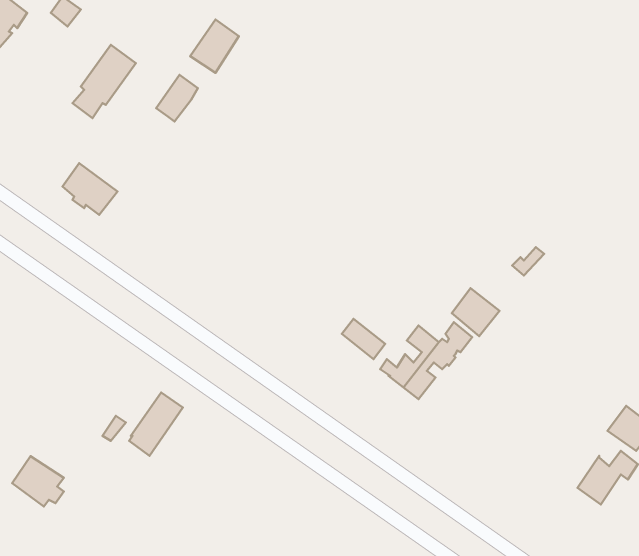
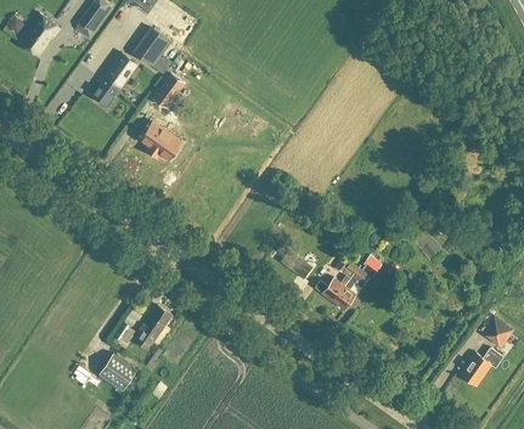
building: [190,19,239,73] -> [135,27,170,66]
building: [62,163,118,215] -> [137,120,178,158]
building: [452,288,500,336] -> none
building: [12,456,64,506] -> [98,354,136,390]

